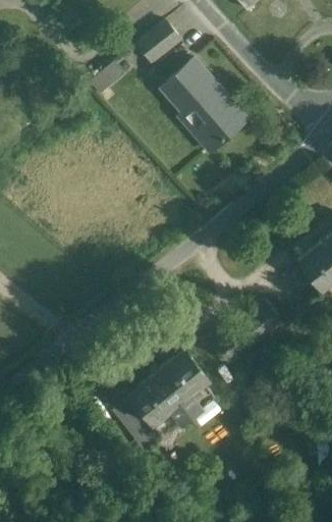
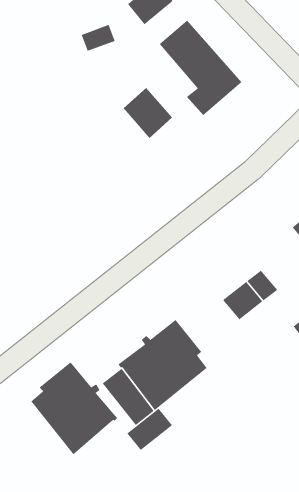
building: none -> [123,87,173,139]
building: none -> [31,361,118,455]
building: none -> [126,408,173,451]

